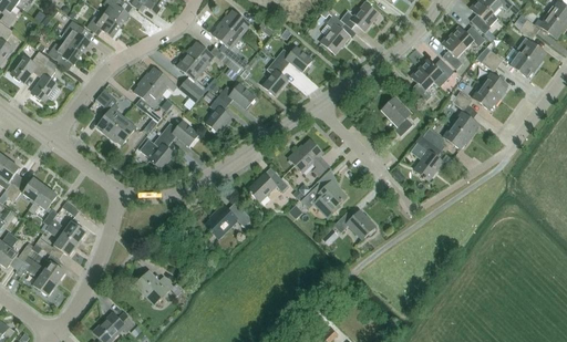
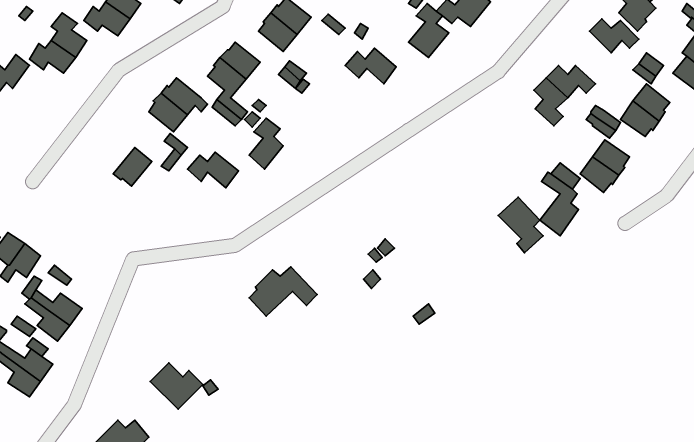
building: [441,34,465,70] -> none
building: [262,59,288,95] -> none
building: [32,60,56,101] -> none
building: [218,84,255,108] -> none
building: [95,89,124,136] -> none
building: [381,96,413,136] -> [498,197,543,253]
building: [140,133,174,169] -> none
building: [288,139,329,176] -> none
building: [247,173,288,203] -> none
building: [301,180,347,214] -> none
building: [333,210,375,239] -> none

